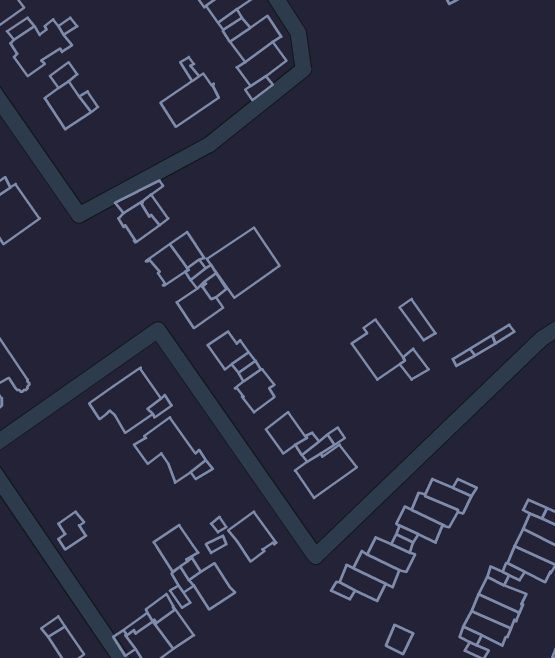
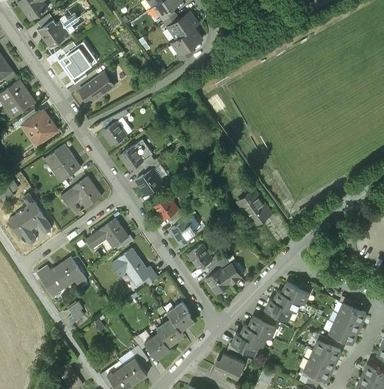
building: [161,74,219,127] -> [80,73,114,104]
building: [207,228,279,298] -> none
building: none -> [44,144,81,181]
building: none -> [61,177,101,207]
building: none -> [38,257,86,295]
building: [154,525,198,571] -> [157,319,183,346]
building: none -> [211,353,245,379]

